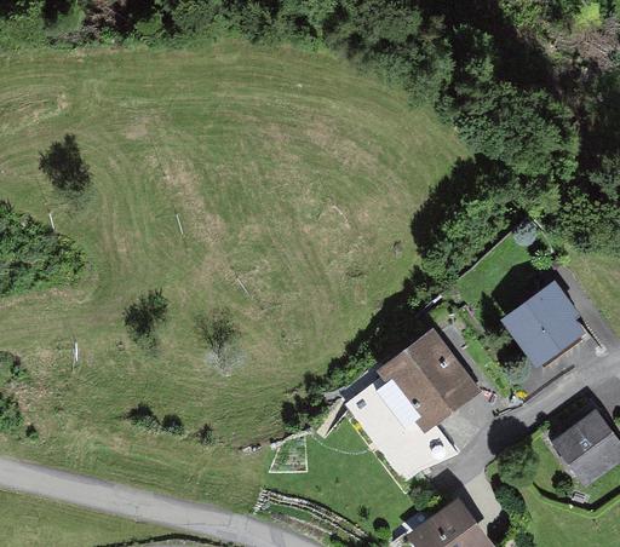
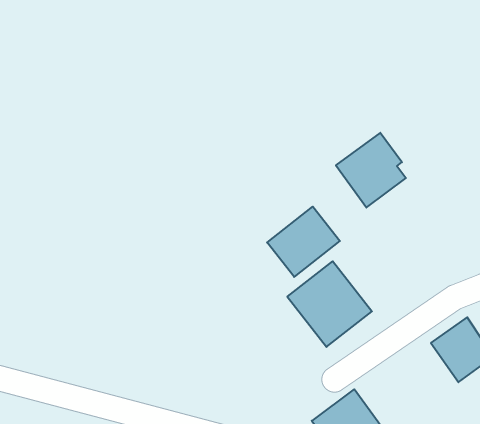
building: none -> [267,207,340,277]
building: [498,287,584,379] -> [336,133,406,208]

